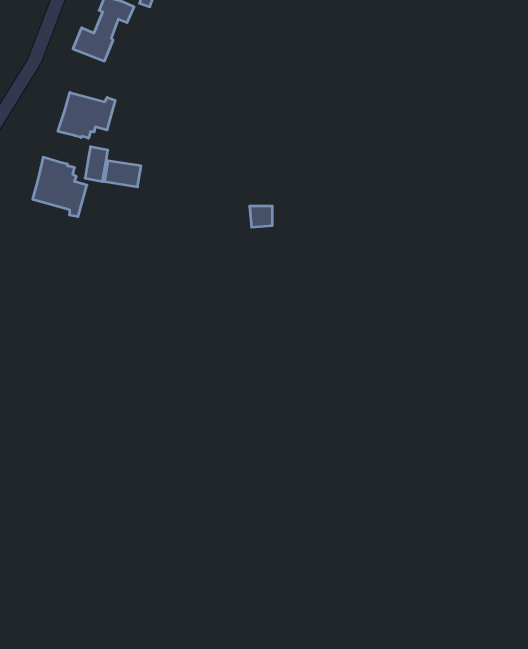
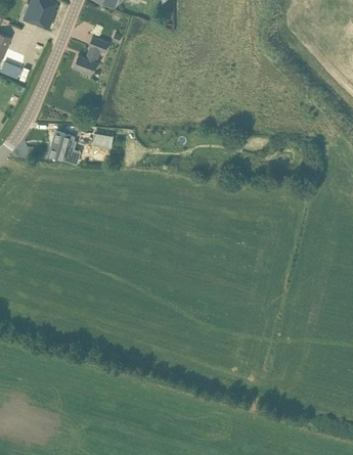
building: [58,92,115,138] -> none

